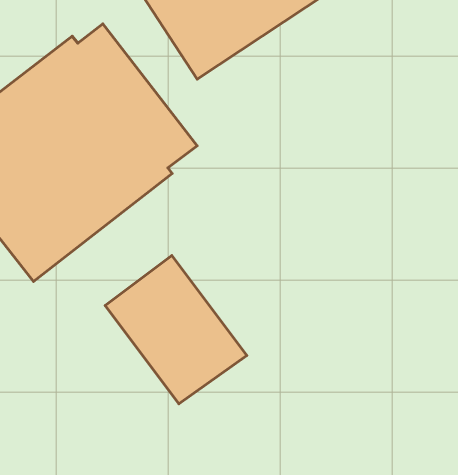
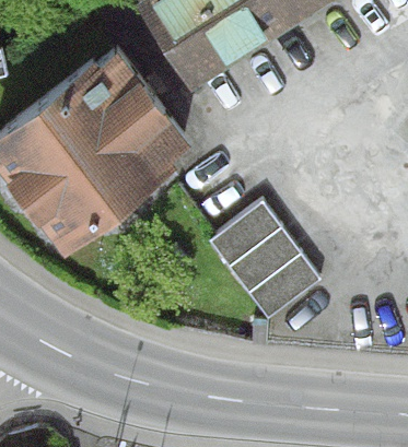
building: [105,256,247,404] -> [207,199,318,316]

